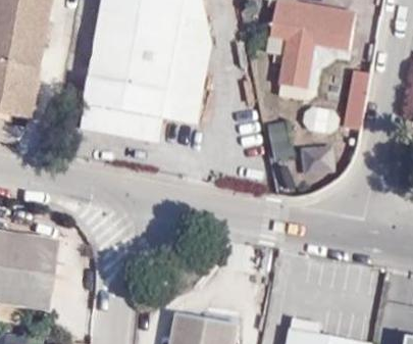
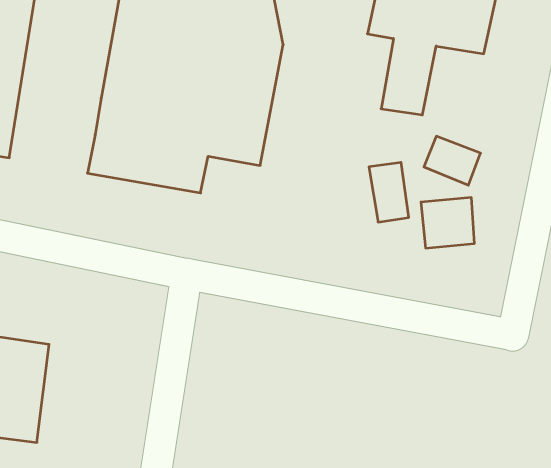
building: [346,67,370,127] -> none

